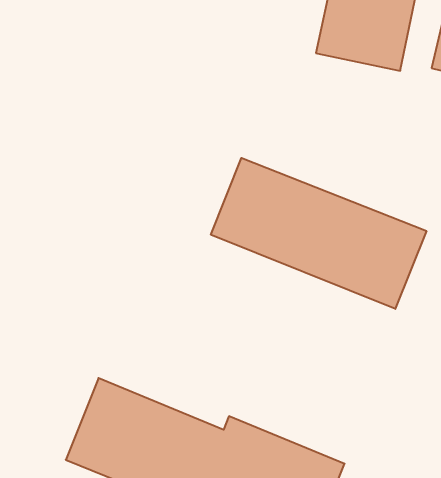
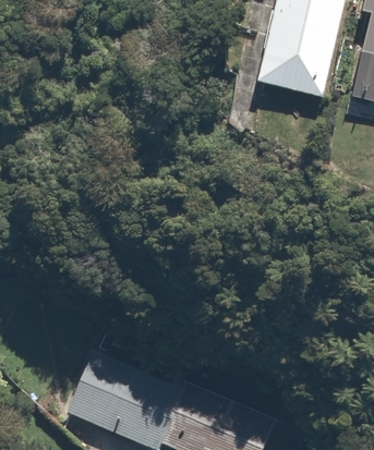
building: [211,158,426,309] -> none

